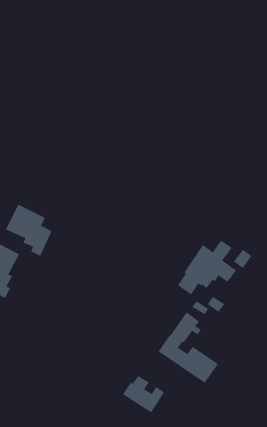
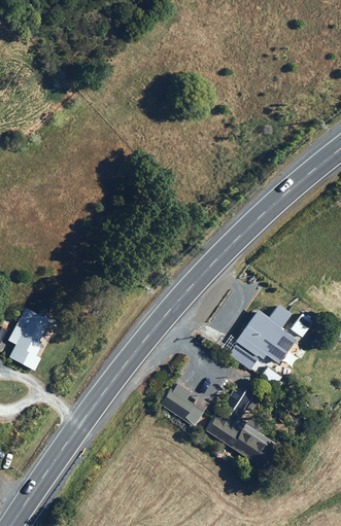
building: [5,204,52,257] -> none
building: [122,375,165,413] -> [161,384,209,427]

